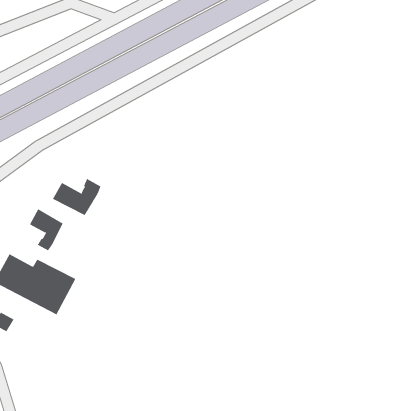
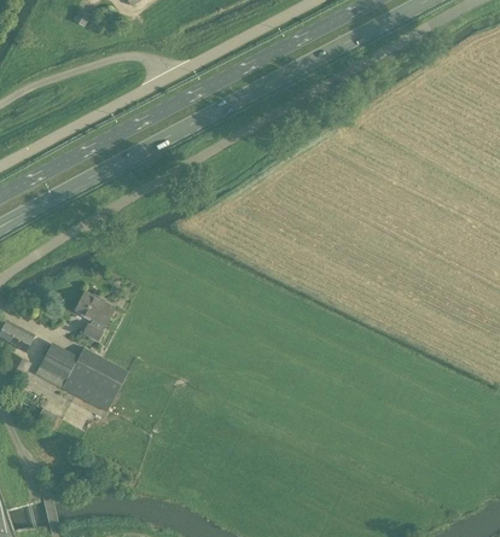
building: [52,178,101,216] -> none

